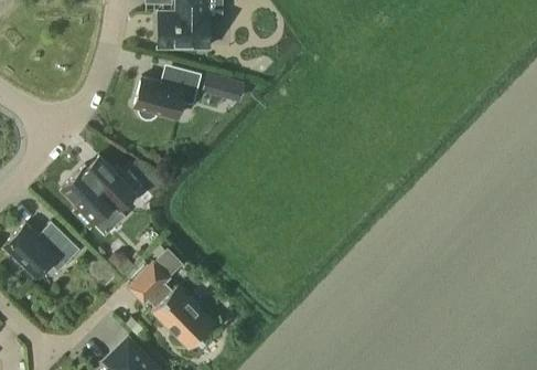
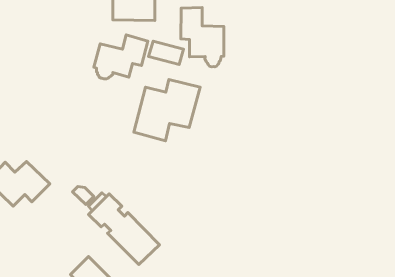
building: none -> [181,8,224,67]
building: none -> [134,80,200,141]
building: [62,156,138,235] -> none

